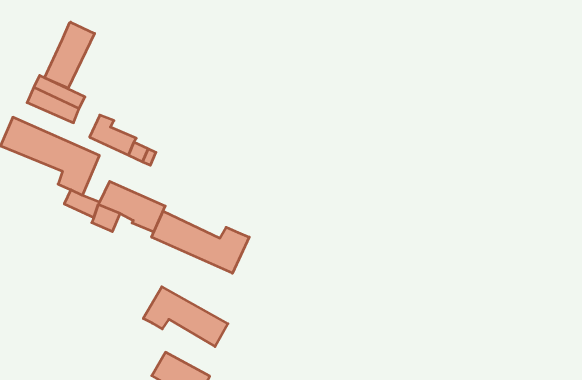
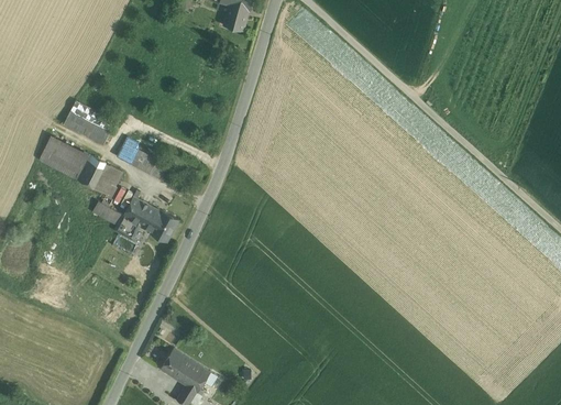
building: [45,22,95,88] -> none
building: [152,211,249,273] -> none
building: [143,287,228,347] -> none

